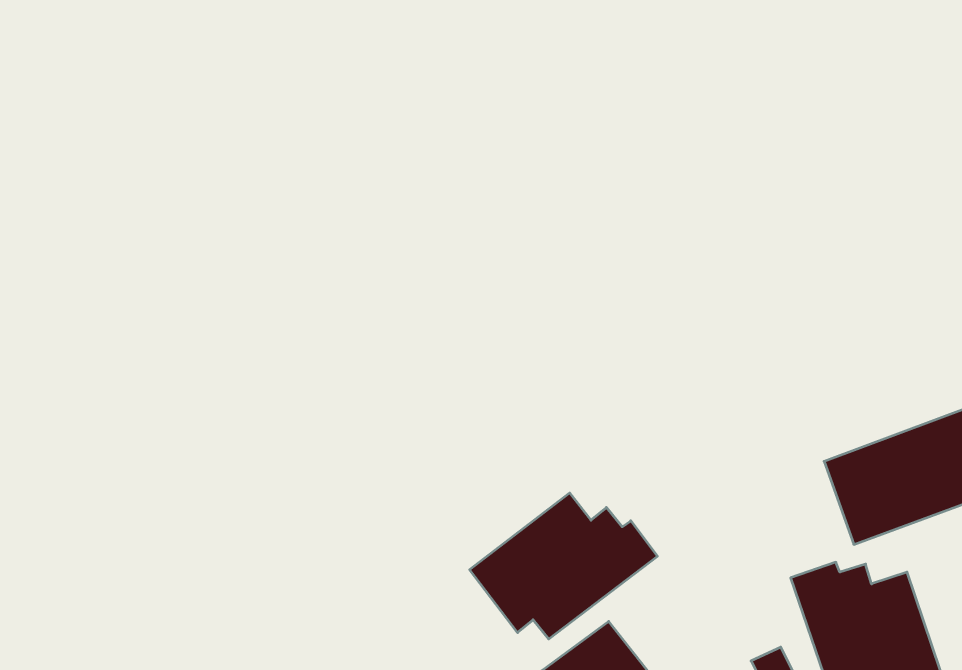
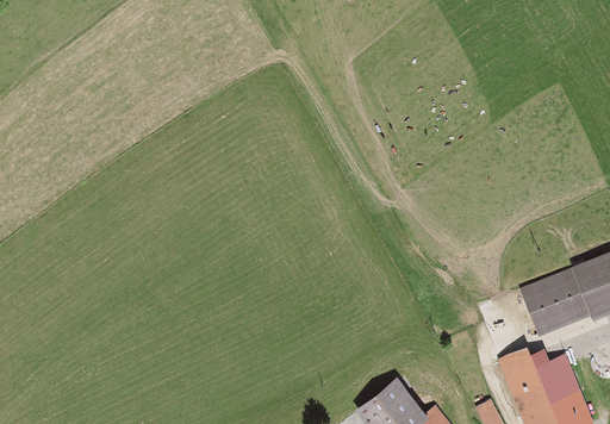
building: [470,493,657,639] -> none

